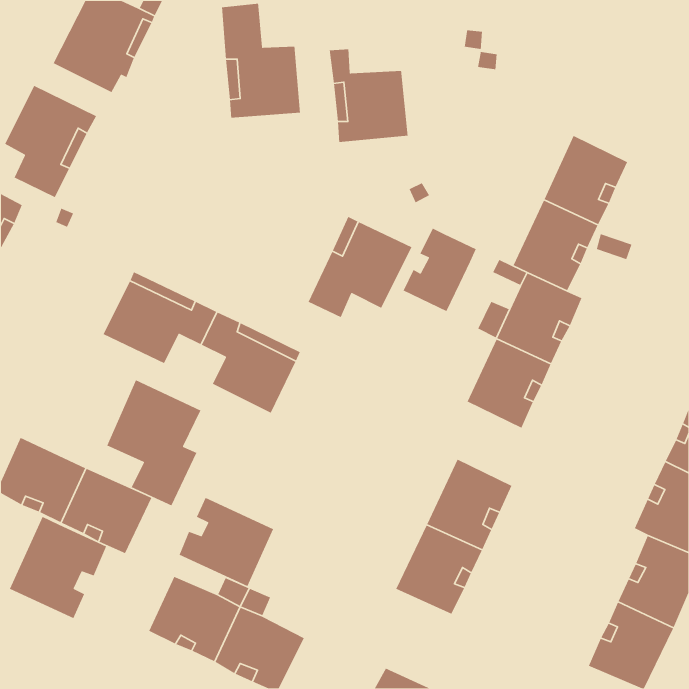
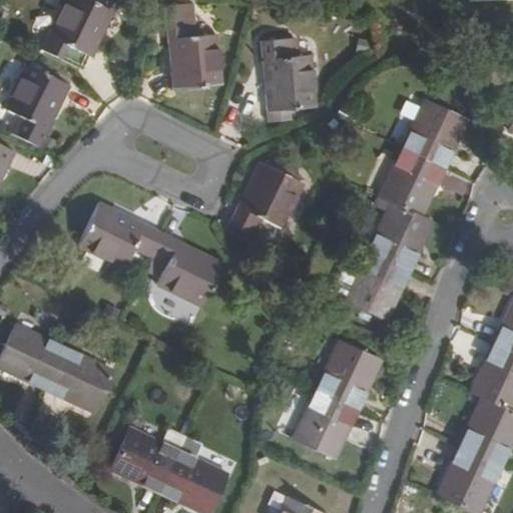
building: [403,228,477,312] -> none
building: [106,379,202,507] -> none
building: [179,497,274,587] -> none
building: [9,516,107,619] -> none

